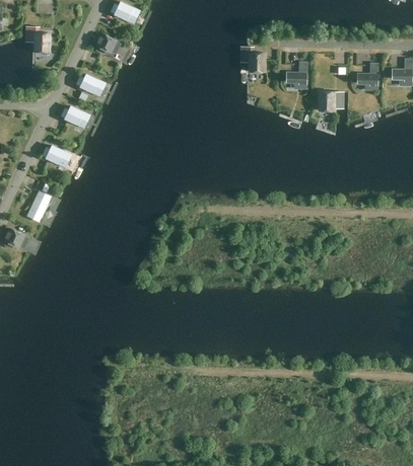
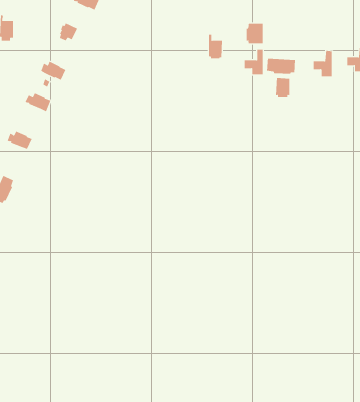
building: none -> [246,23,263,44]
building: none -> [267,58,295,75]

